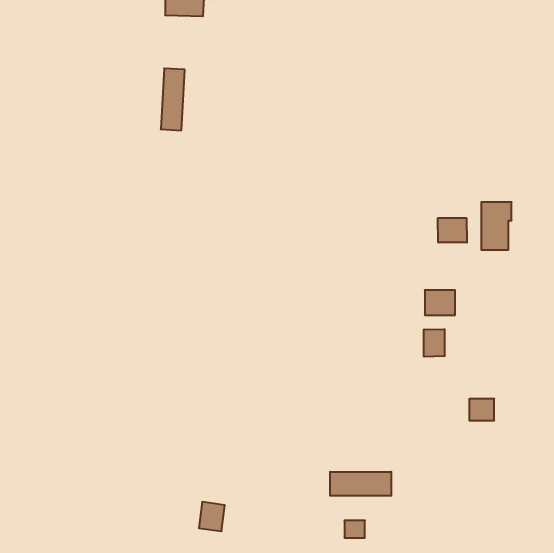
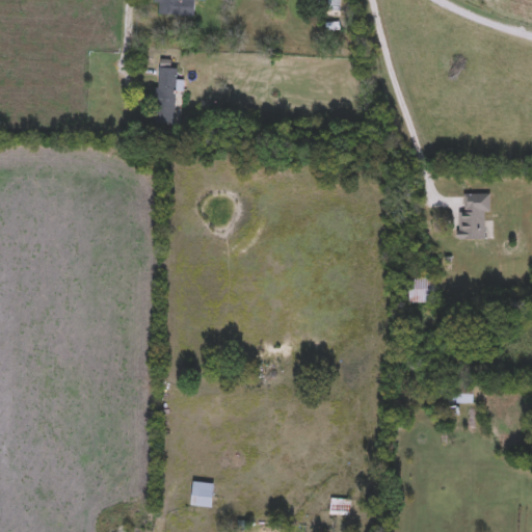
building: [438,218,467,243] -> none
building: [424,329,444,357] -> none
building: [330,472,391,496] -> none

